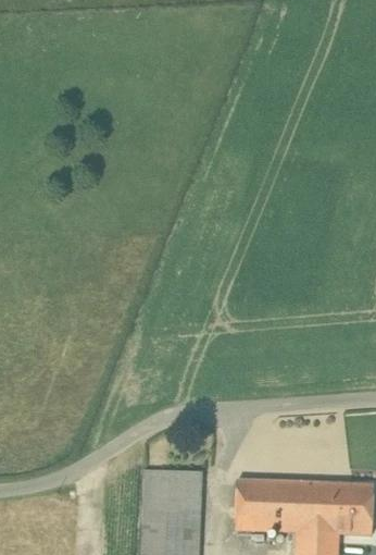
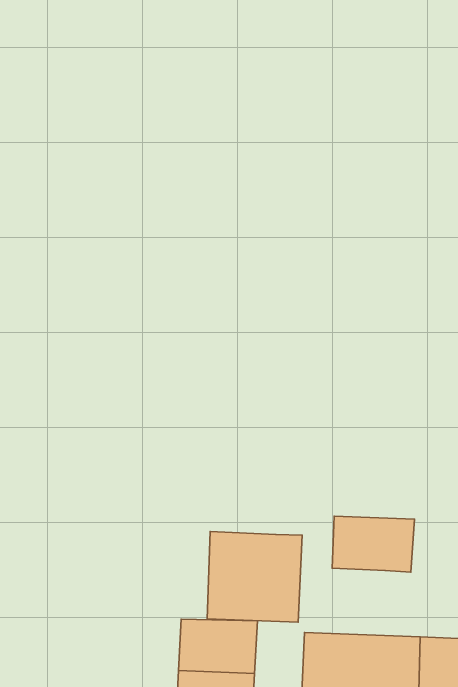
building: none -> [332,516,414,572]
building: none -> [207,532,302,622]

